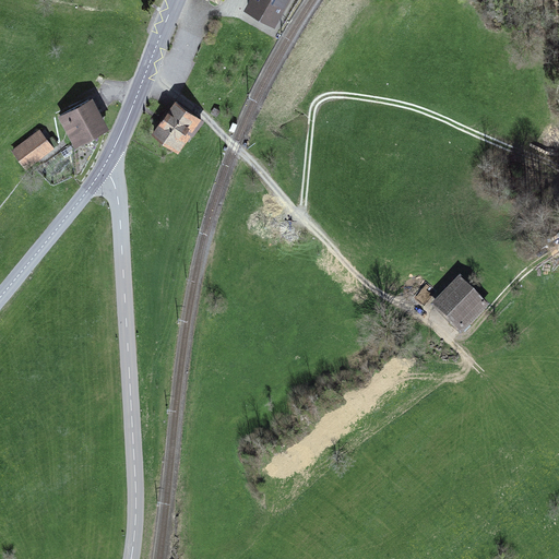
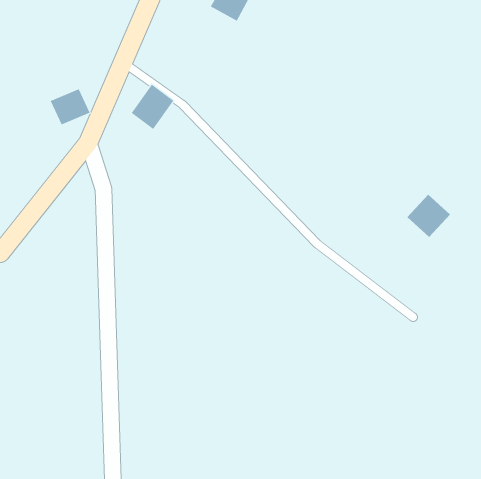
building: [14,131,53,167] -> none
building: [433,277,485,329] -> [407,194,451,238]

